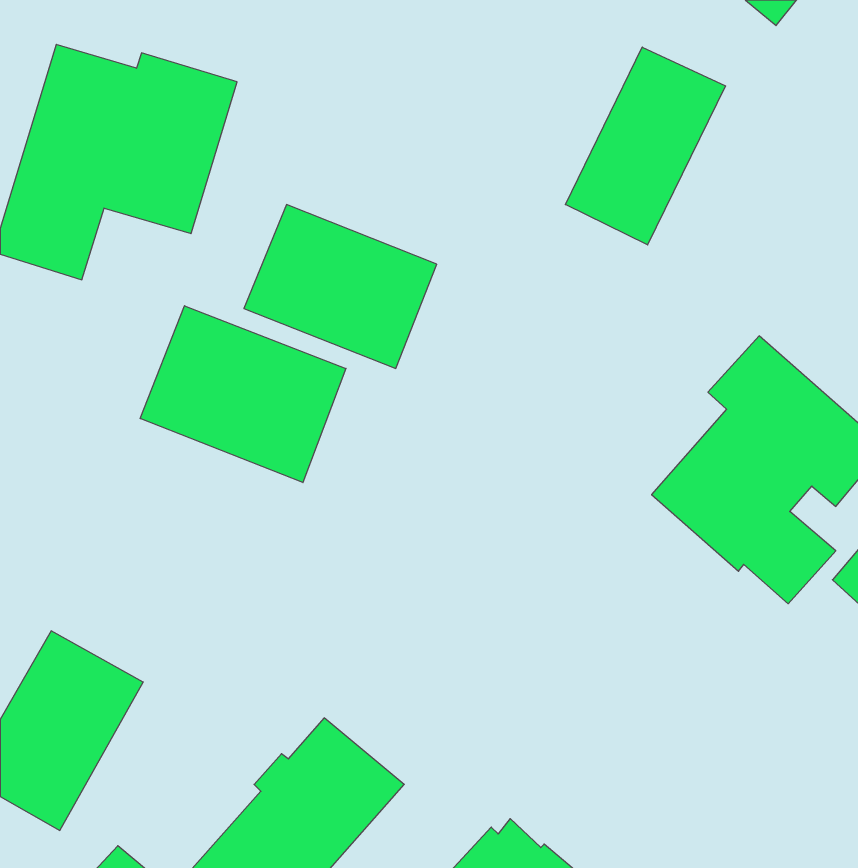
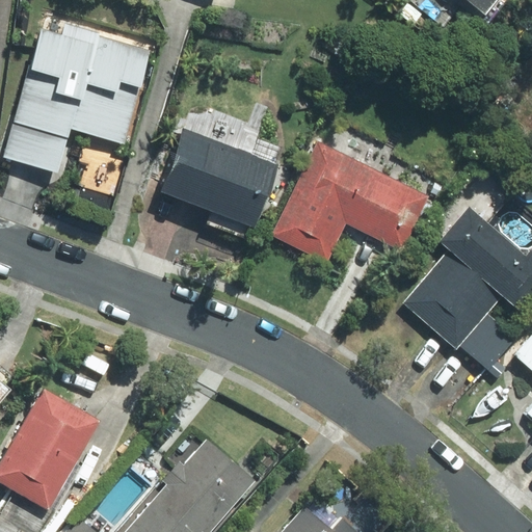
building: [565,47,726,245] -> none
building: none -> [273,142,431,264]
building: [140,306,346,483] -> none

